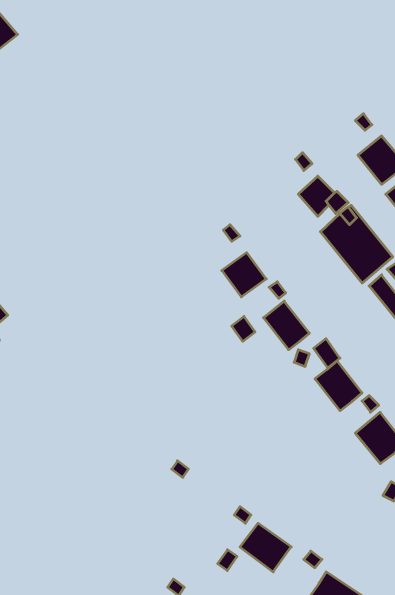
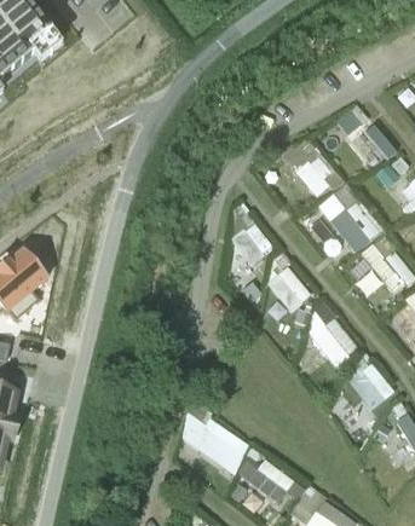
building: none -> [184,417,236,467]

